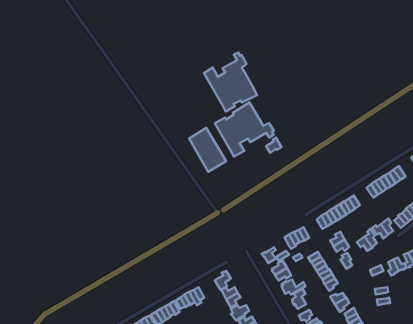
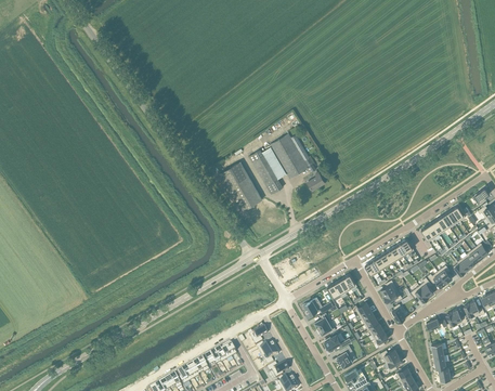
building: [204,52,257,111] -> none

